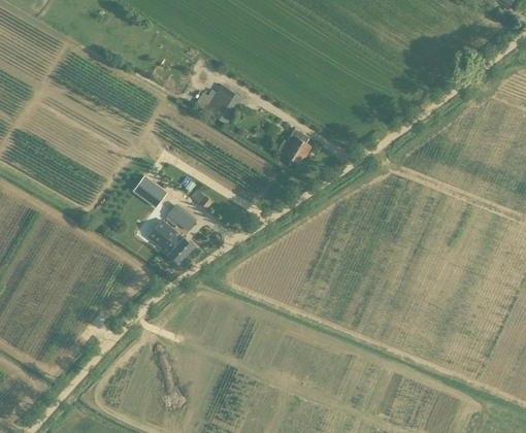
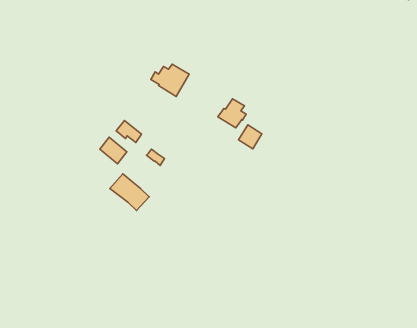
building: none -> [239,125,262,149]
building: [165,203,196,230] -> [116,121,142,143]

